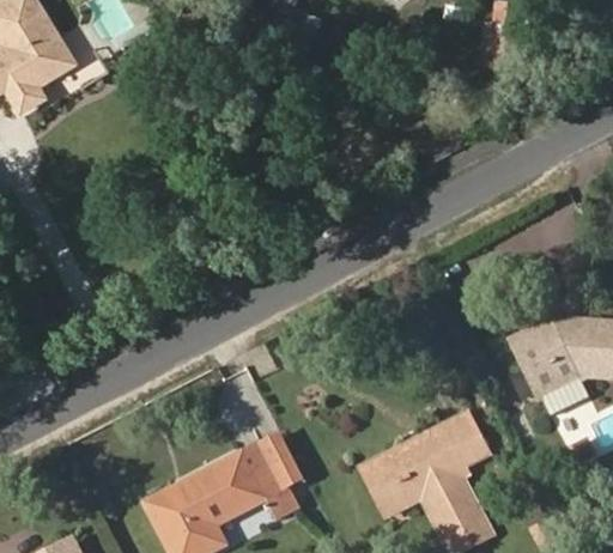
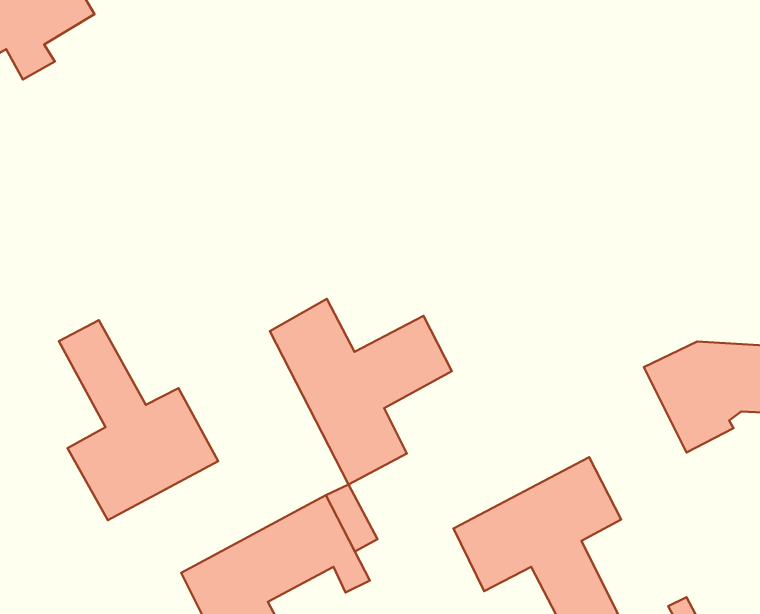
building: none -> [270,299,452,484]
building: none -> [59,320,218,520]

